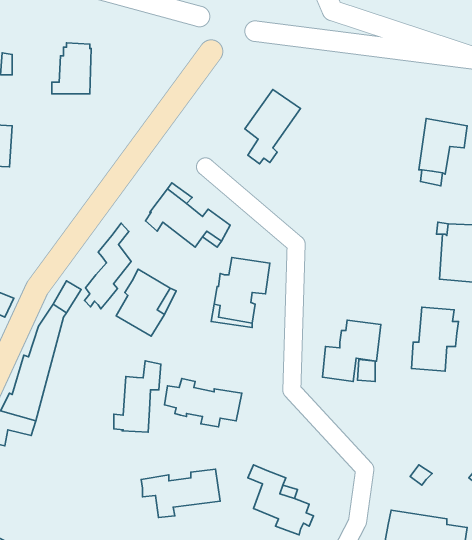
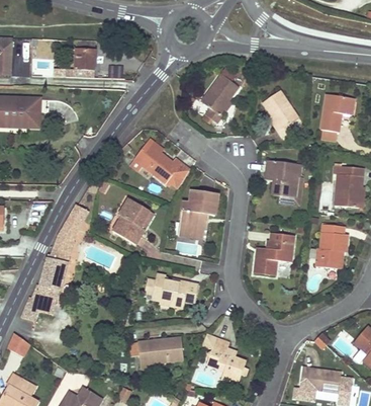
building: none -> [263,90,297,138]
building: none -> [266,160,301,205]
building: [85,223,131,309] -> none
building: [114,361,161,432] -> none

